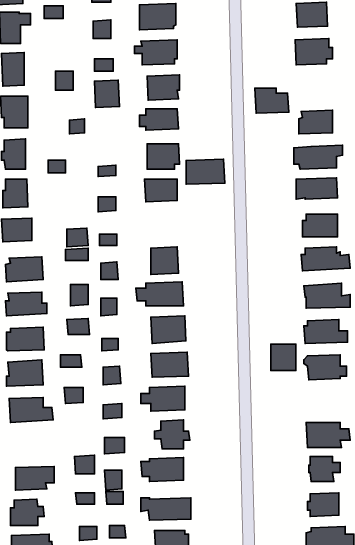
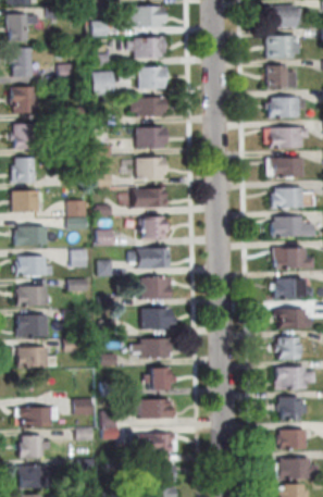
building: [255,88,289,113] -> [268,66,297,88]
building: [186,159,225,184] -> [133,187,166,209]
building: [271,344,296,370] -> [278,337,300,360]

